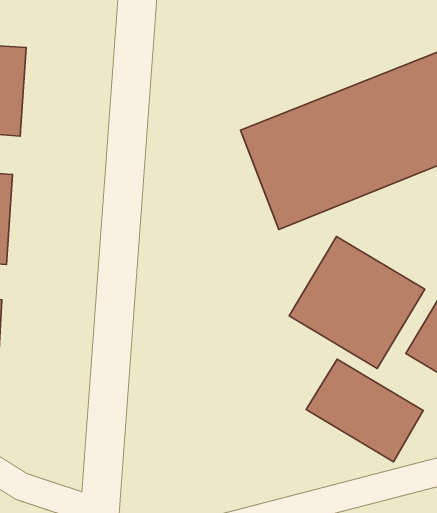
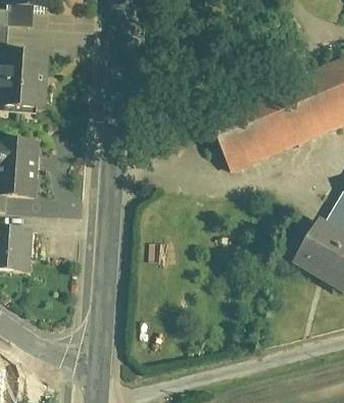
building: [289,236,425,369] -> none
building: [306,359,423,462] -> none

